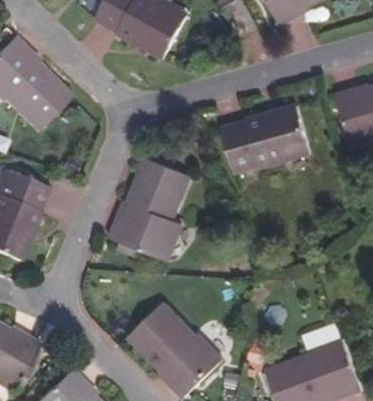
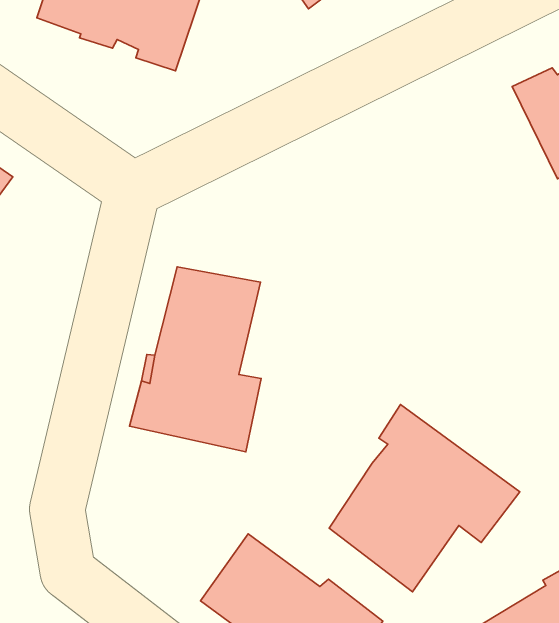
building: [223,105,311,170] -> none
building: none -> [329,405,520,592]

